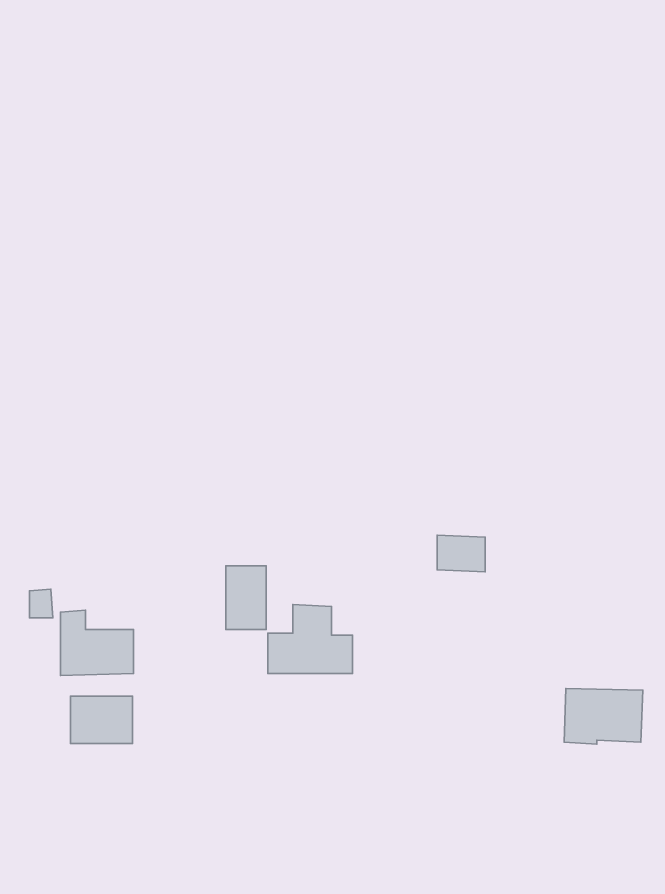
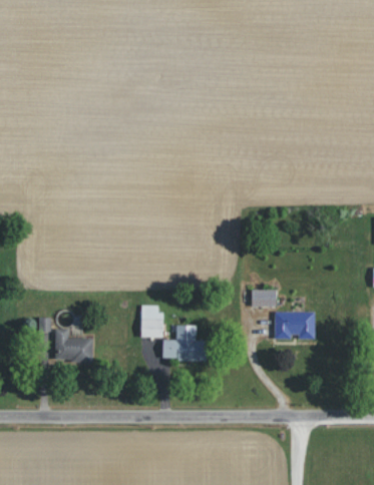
building: [564,688,643,744] -> [275,311,316,340]
building: [71,696,132,743] -> none

